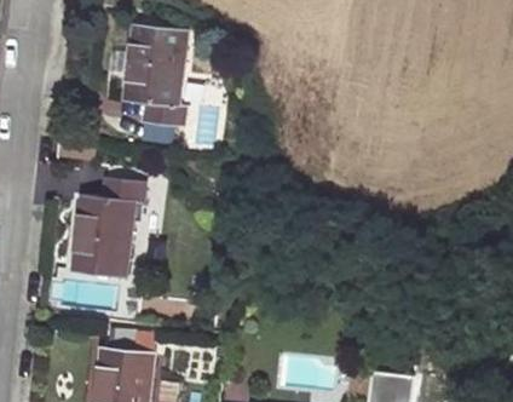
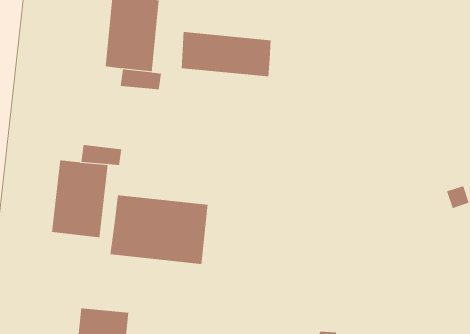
building: none -> [181,31,271,77]
building: none -> [110,194,208,265]

